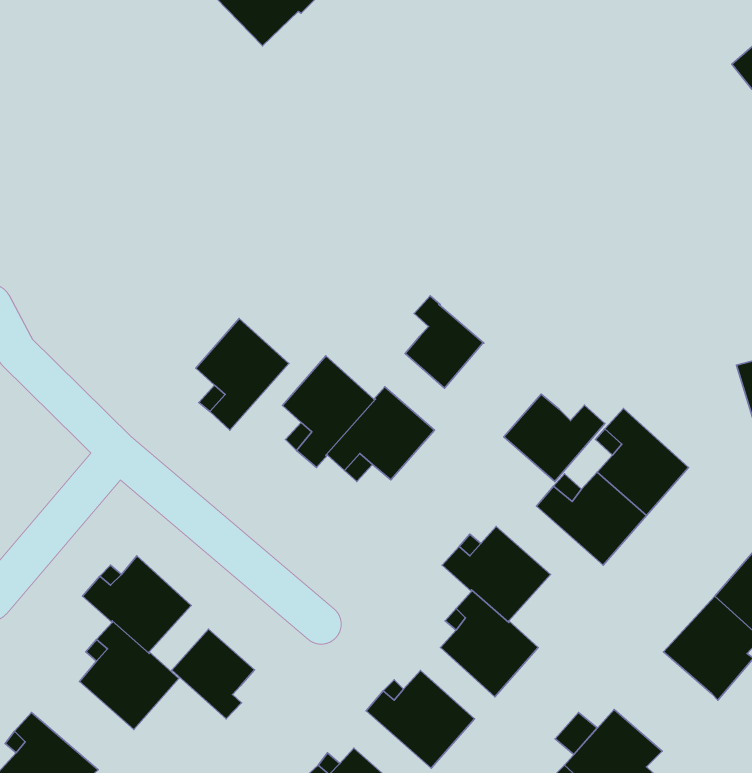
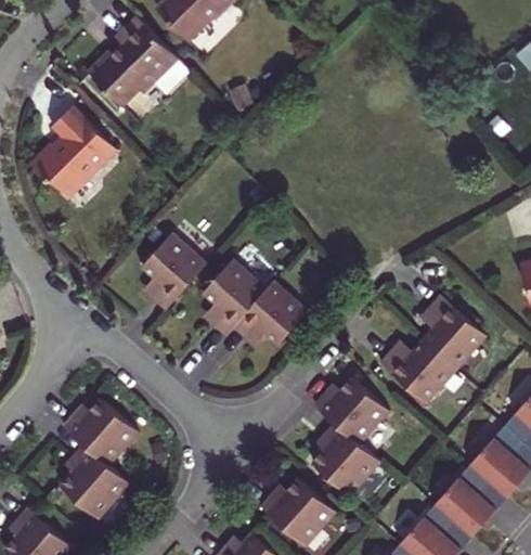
building: none -> [87,17,190,107]
building: none -> [28,106,117,196]
building: [405,296,484,388] -> none
building: [504,394,605,481] -> none
building: [172,629,254,719] -> none
building: none -> [433,466,502,539]

